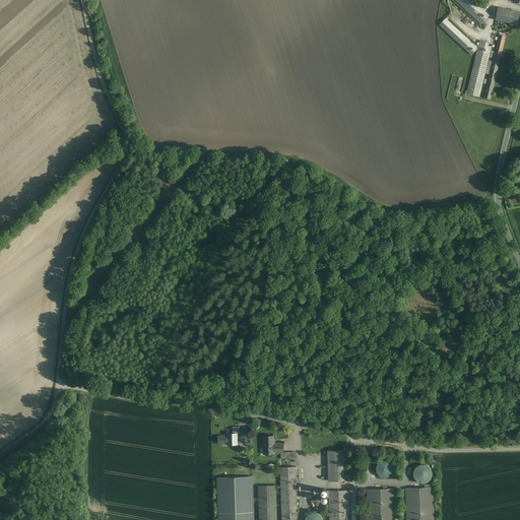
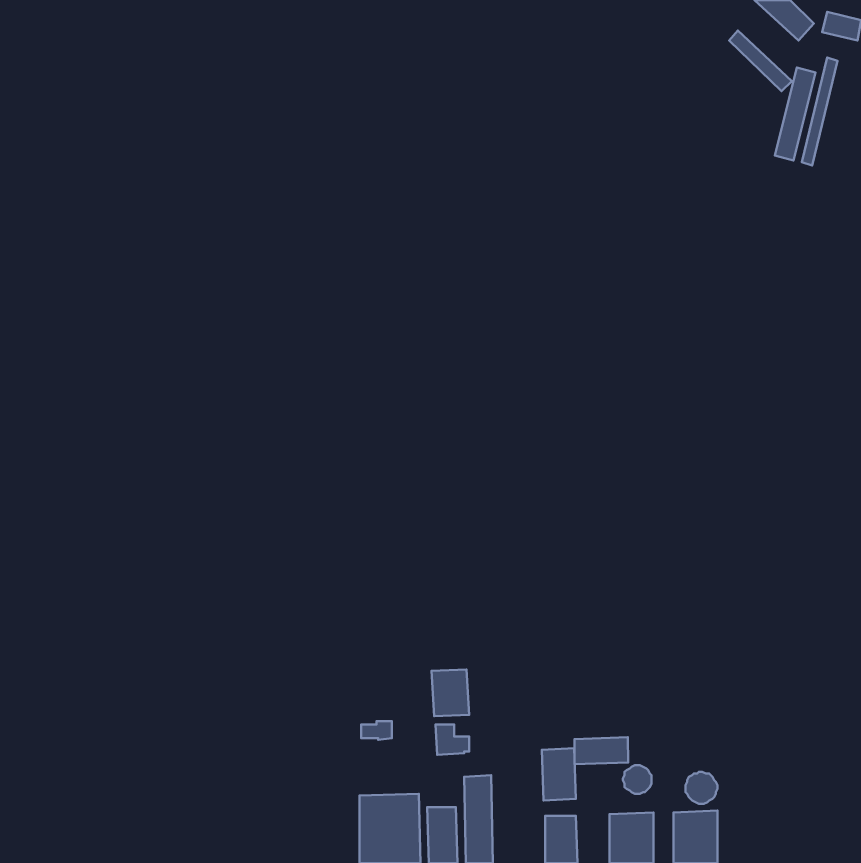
building: none -> [432,669,469,716]
building: none -> [574,737,628,764]

